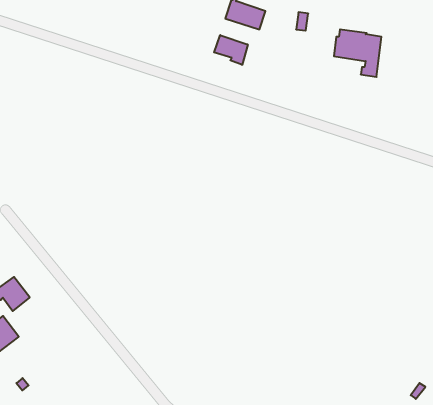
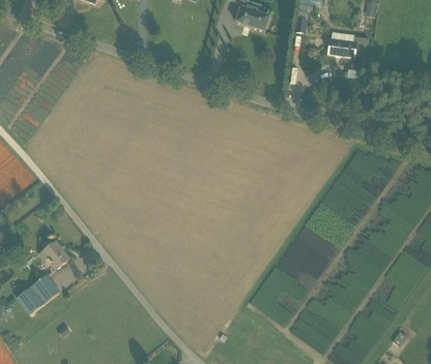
building: [214,35,248,65] -> none

